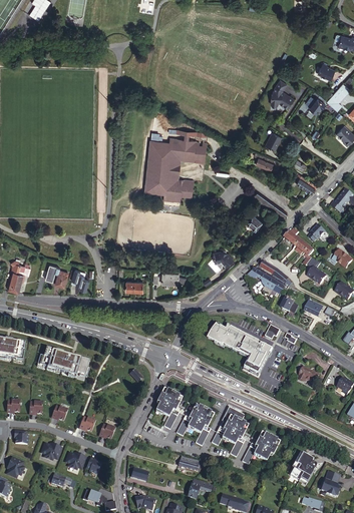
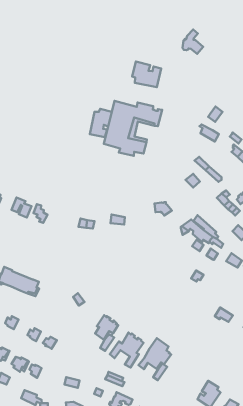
building: [269,79,293,107] -> [182,30,203,54]
building: none -> [132,61,161,87]
building: none -> [90,109,112,137]
building: [208,323,271,375] -> none
building: [242,433,280,465] -> none

